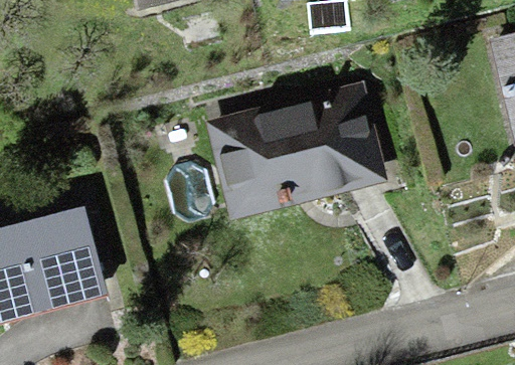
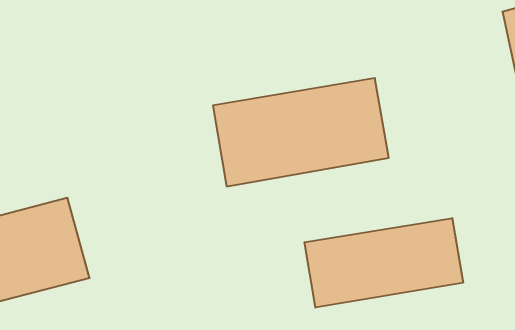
building: none -> [304,218,463,308]

